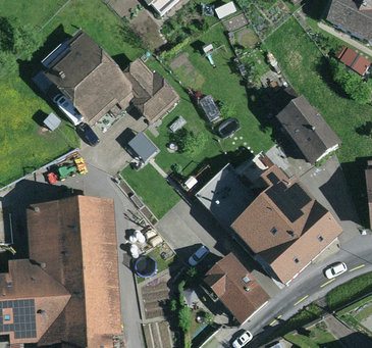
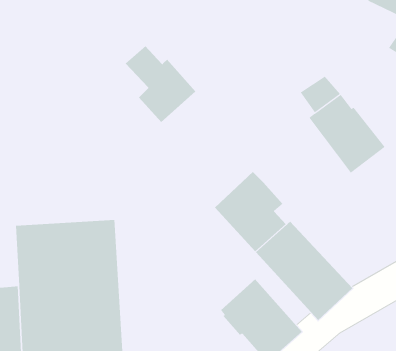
building: [43,28,141,125] -> none
building: [238,149,342,260] -> none

